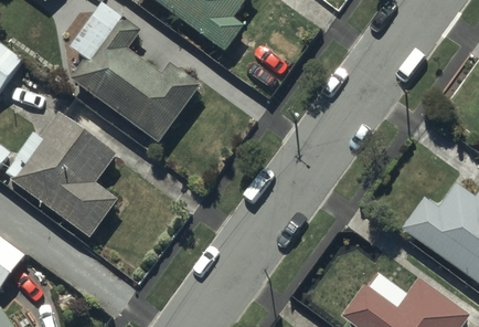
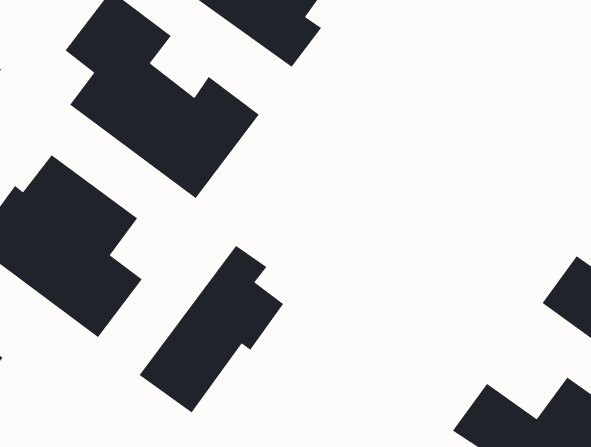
building: none -> [138,245,284,413]

